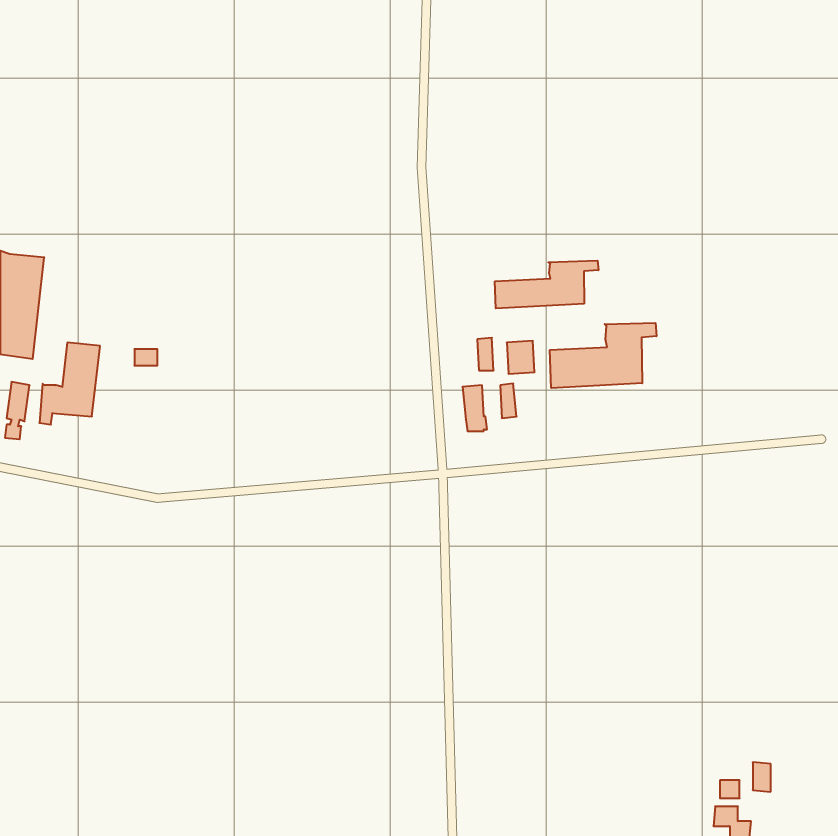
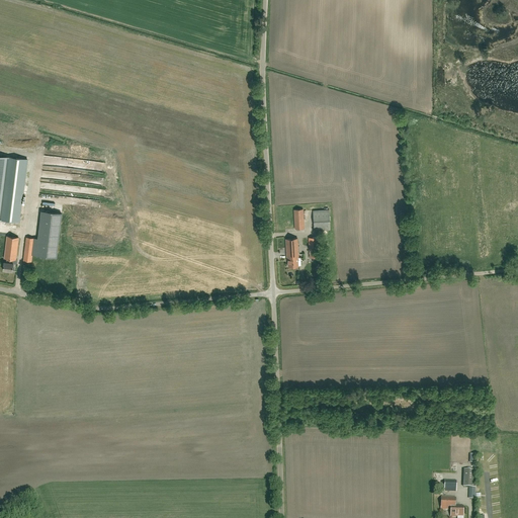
building: [495,261,598,308] -> none
building: [550,323,656,388] -> none

